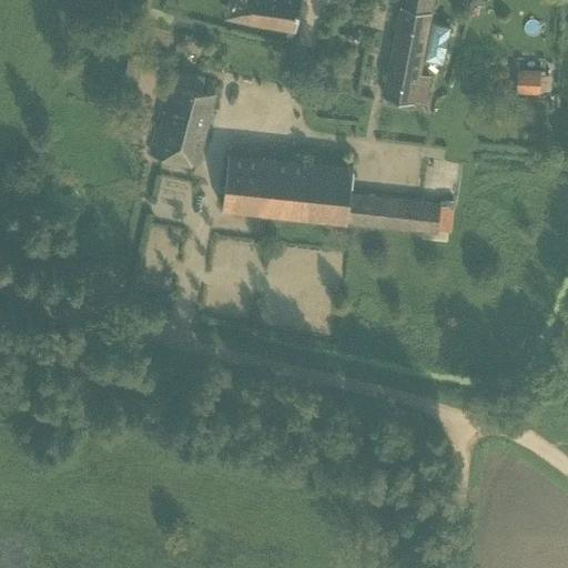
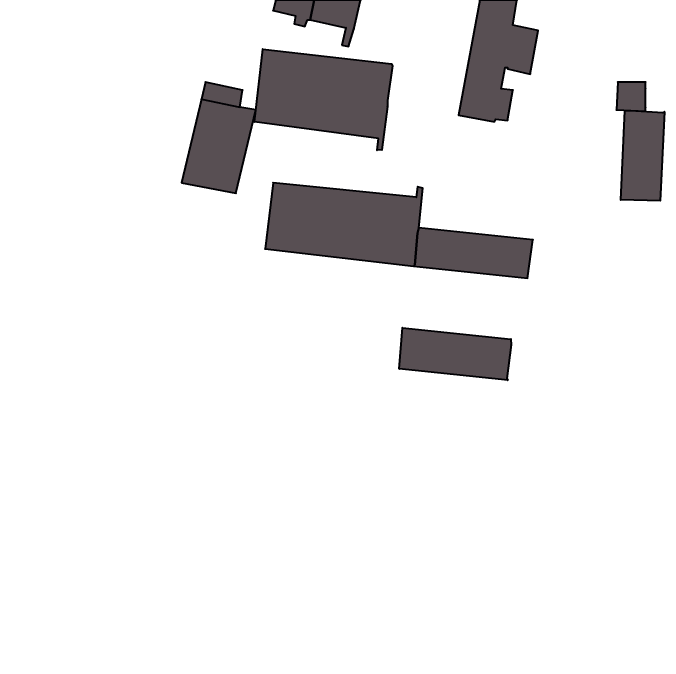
building: none -> [254,49,392,150]
building: none -> [621,111,664,201]
building: none -> [399,328,511,380]

